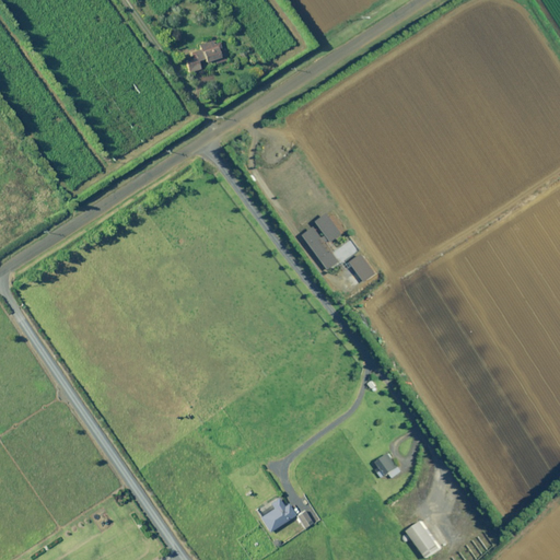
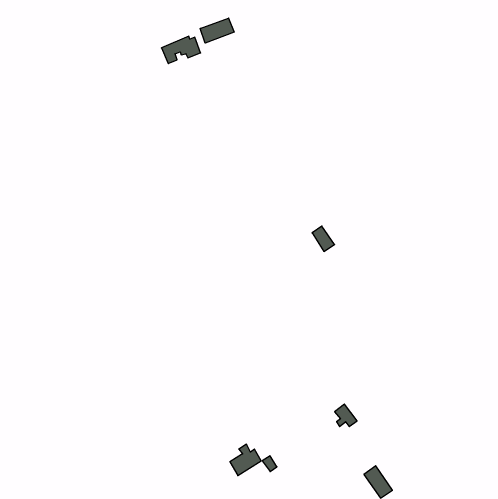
building: none -> [200,18,234,43]
building: [303,212,342,269] -> none

